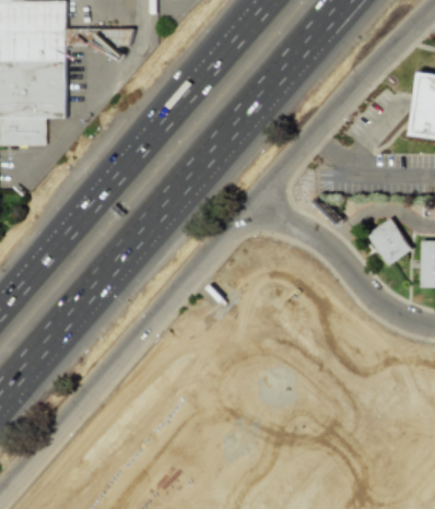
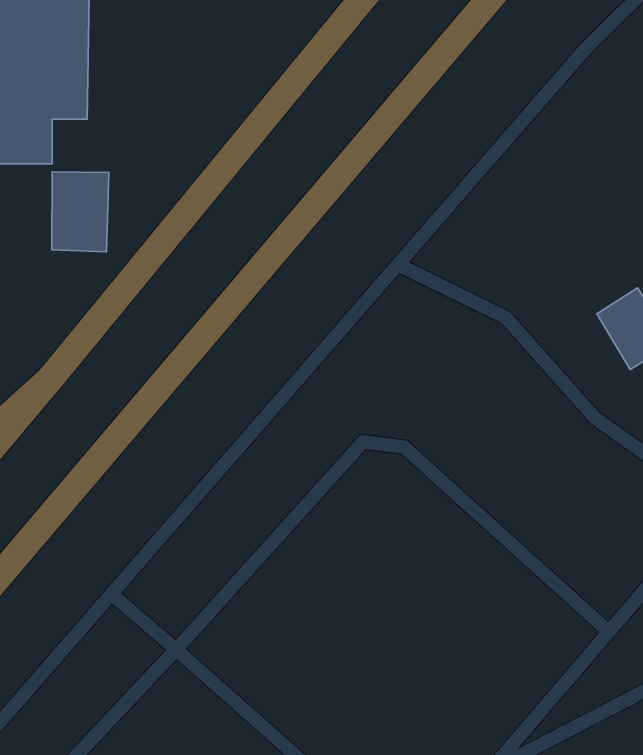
building: none -> [52,172,109,252]

